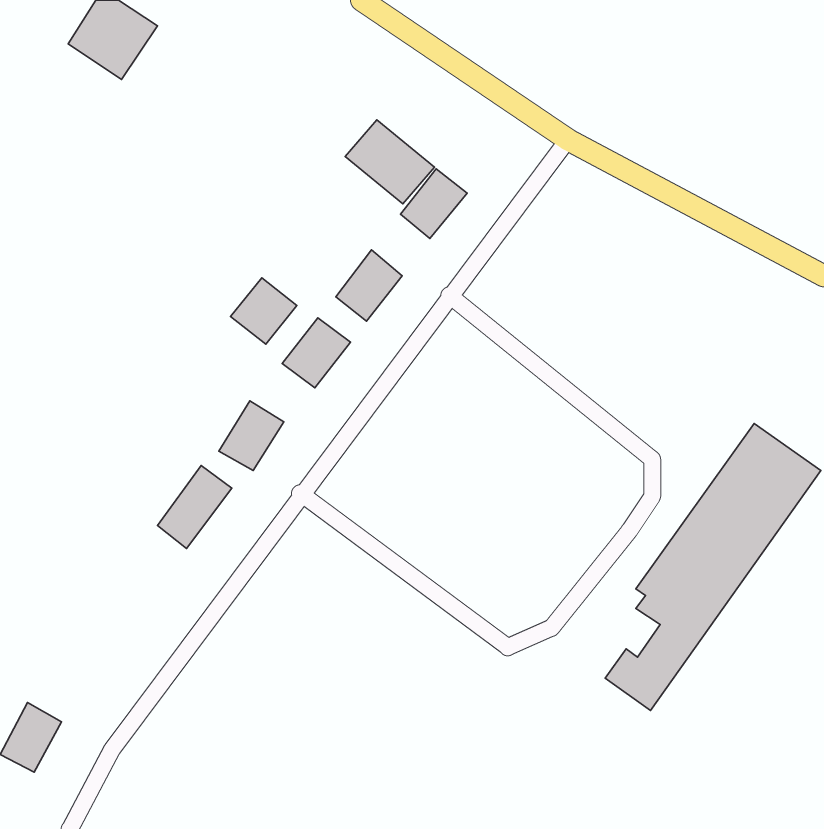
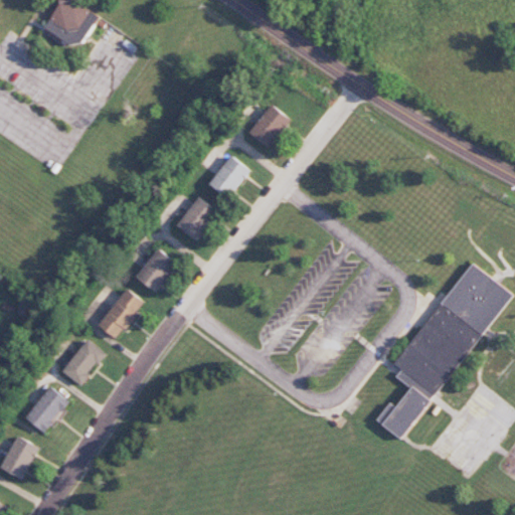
building: [345,120,434,204] -> none
building: [231,278,297,344] -> none
building: none -> [61,339,105,385]
building: none -> [26,386,67,433]

